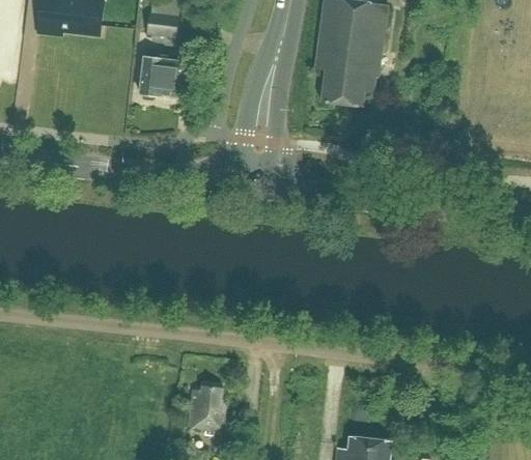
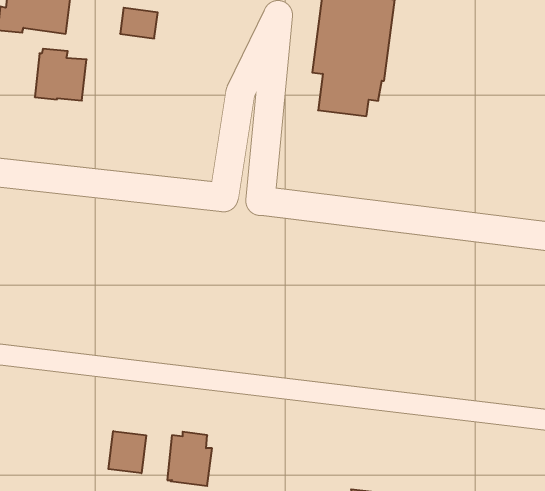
building: [139,51,185,96] -> [35,49,87,101]
building: none -> [108,431,146,473]

